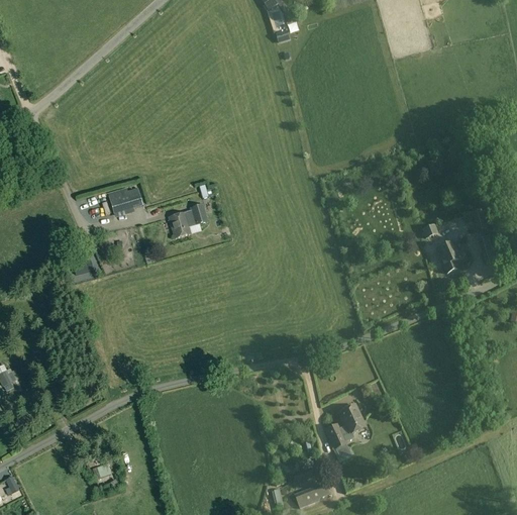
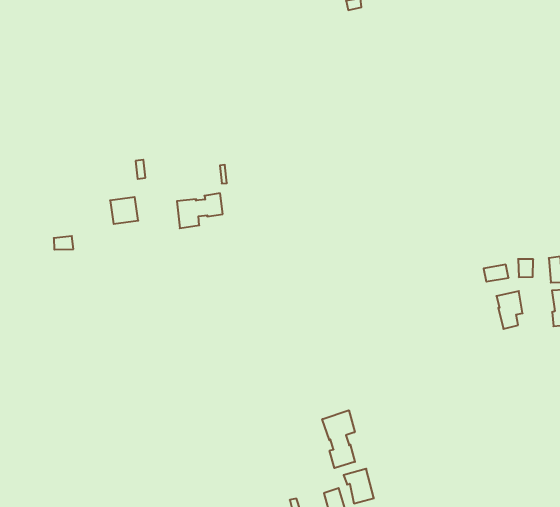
building: [108,189,133,213] -> [110,197,138,224]
building: none -> [322,410,355,468]

